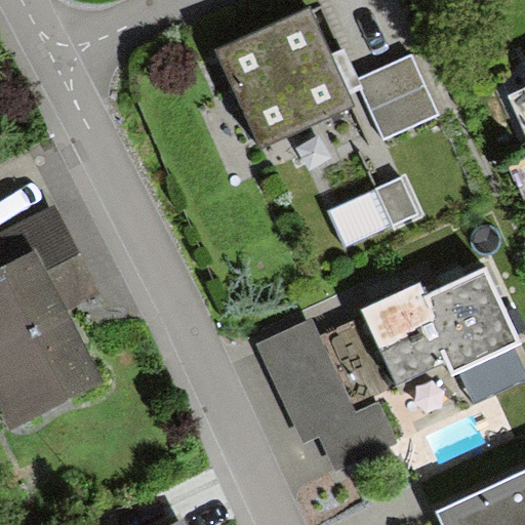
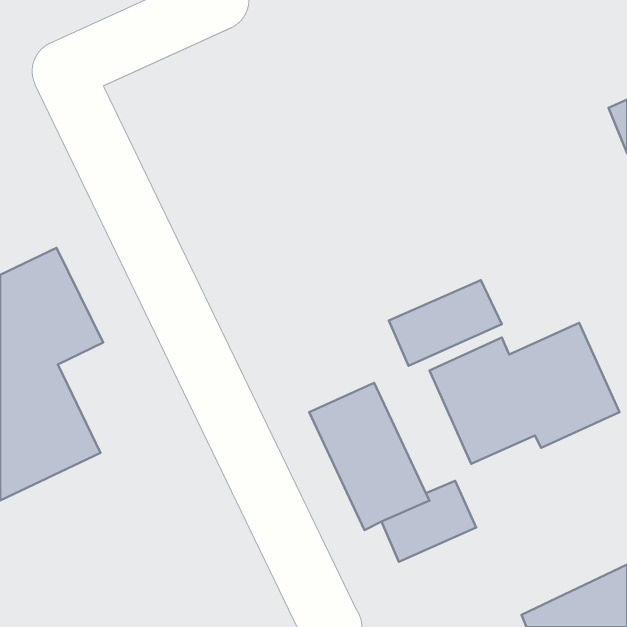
building: [214,4,356,149] -> none
building: [360,55,439,137] -> none
building: [326,176,420,248] -> [389,280,502,366]

